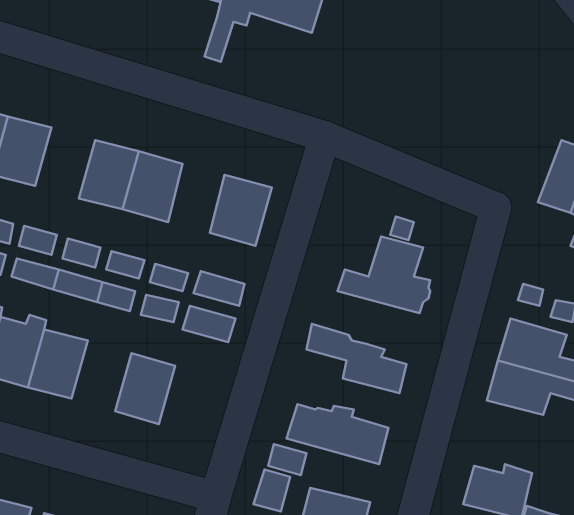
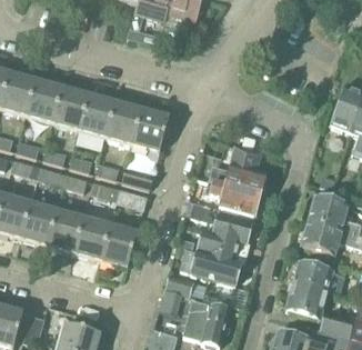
building: none -> [26,79,62,122]
building: none -> [107,101,141,143]
building: none -> [207,179,260,214]
building: none -> [48,209,84,252]
building: none -> [101,224,138,268]
building: none -> [198,229,249,263]
building: none -> [293,262,345,293]

